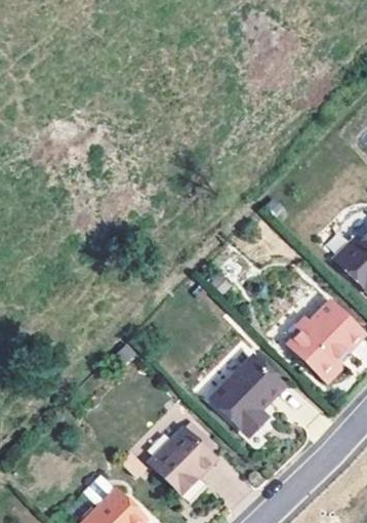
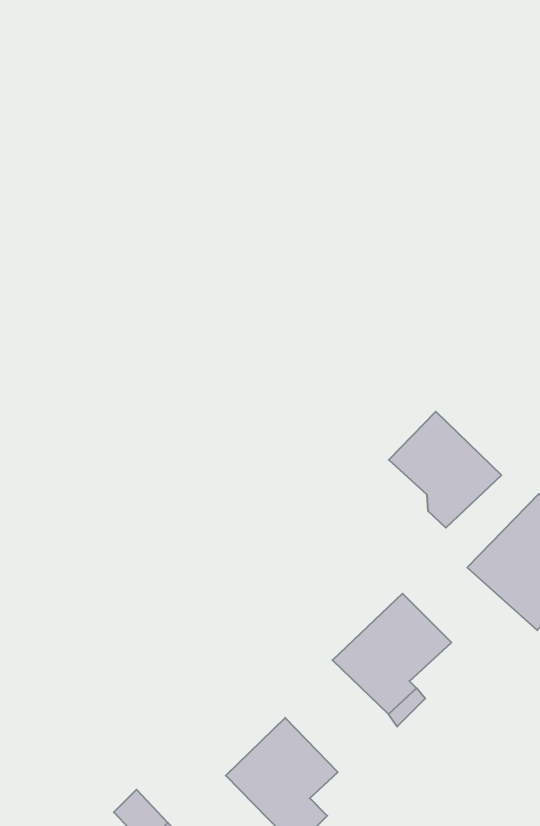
building: none -> [389,412,501,528]

